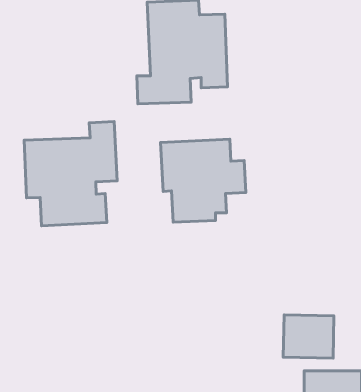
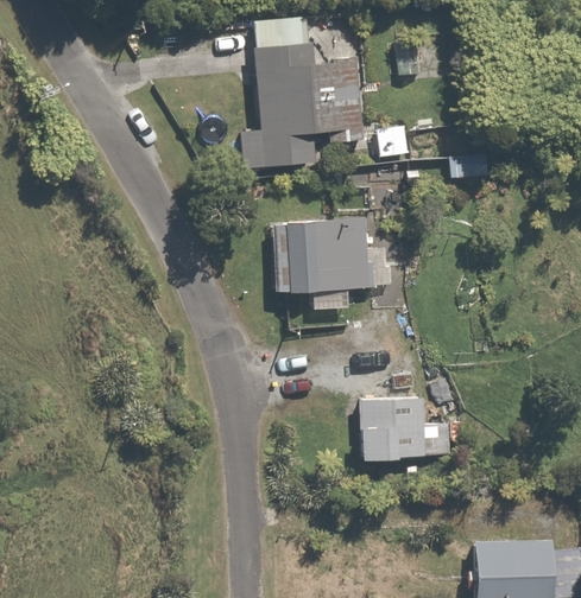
building: [24,121,117,226] -> none
building: [283,315,334,358] -> [356,400,428,460]

